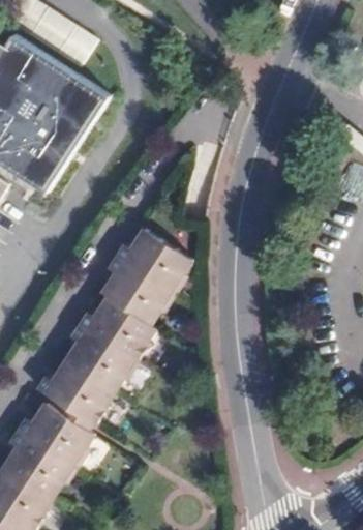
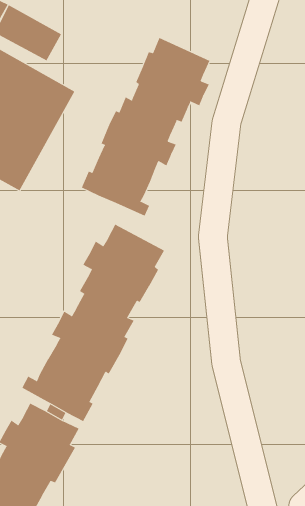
building: none -> [81,37,210,216]

